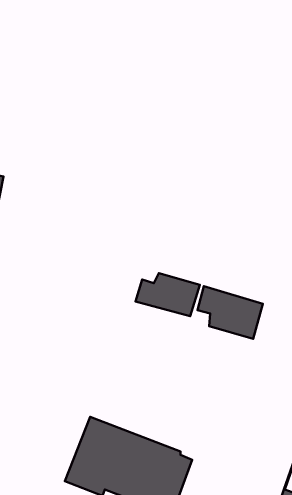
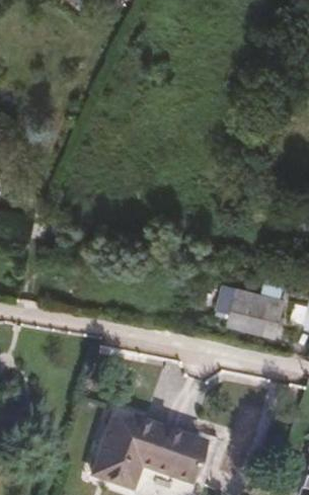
building: [136,273,200,316] -> none

